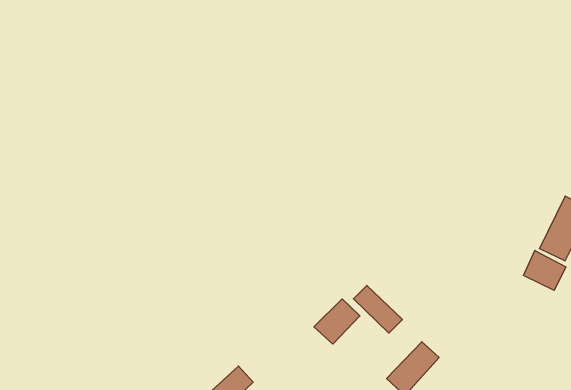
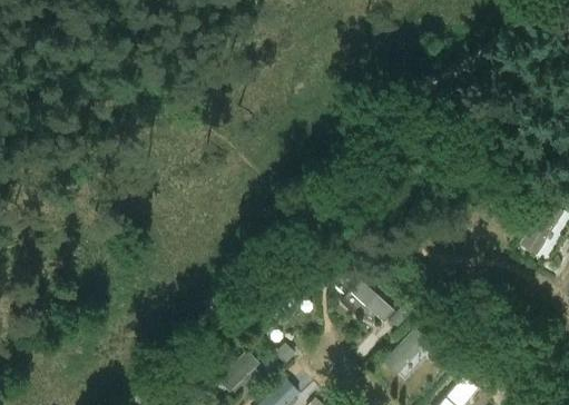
building: [523,250,566,290] -> none
building: [314,299,360,344] -> none

